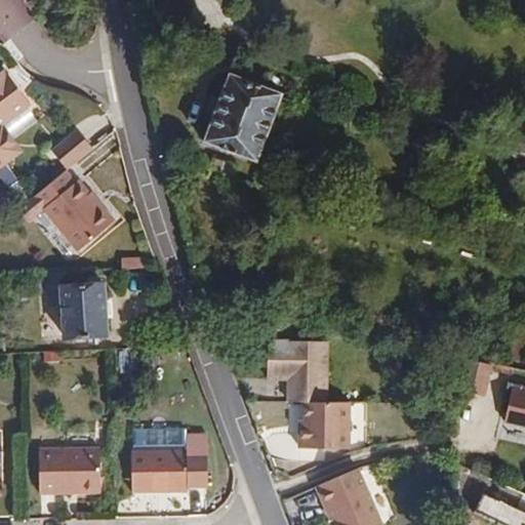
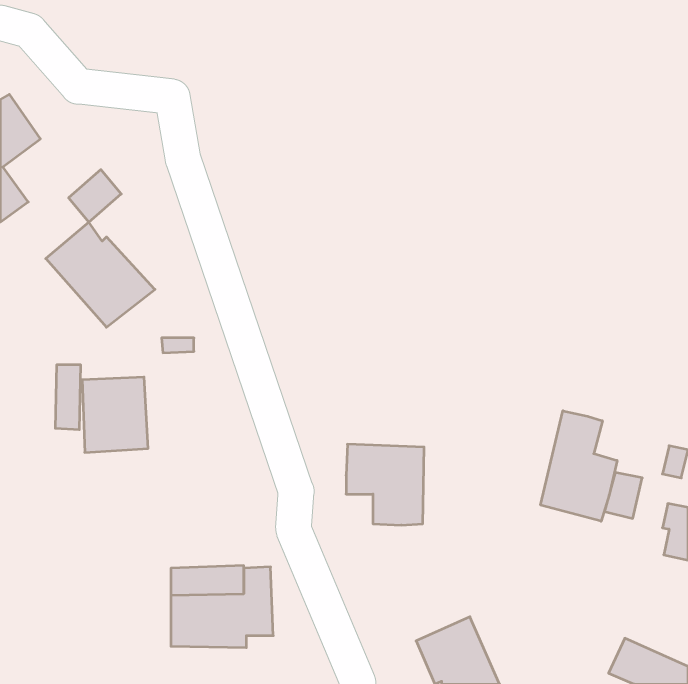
building: [198,78,281,170] -> none
building: none -> [541,411,617,521]
building: [298,399,351,445] -> none
building: [39,448,102,495] -> none

